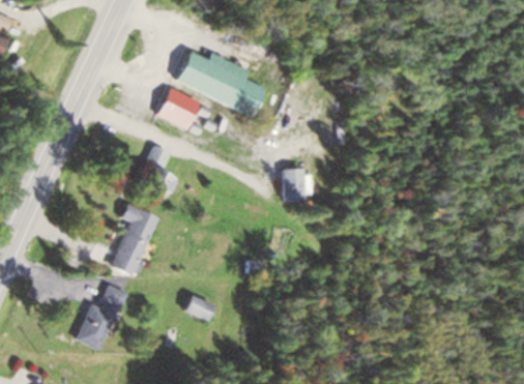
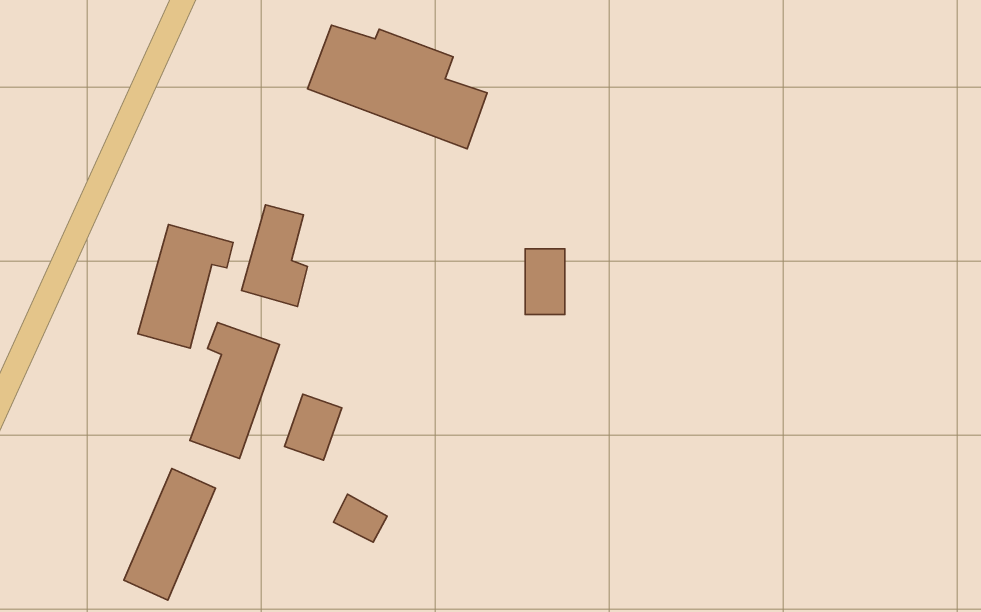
building: [156,87,199,127] -> none
building: none -> [138,225,233,348]
building: none -> [285,394,342,460]

